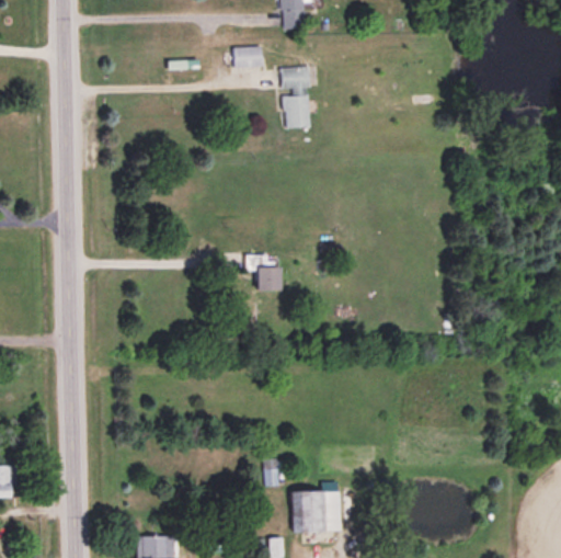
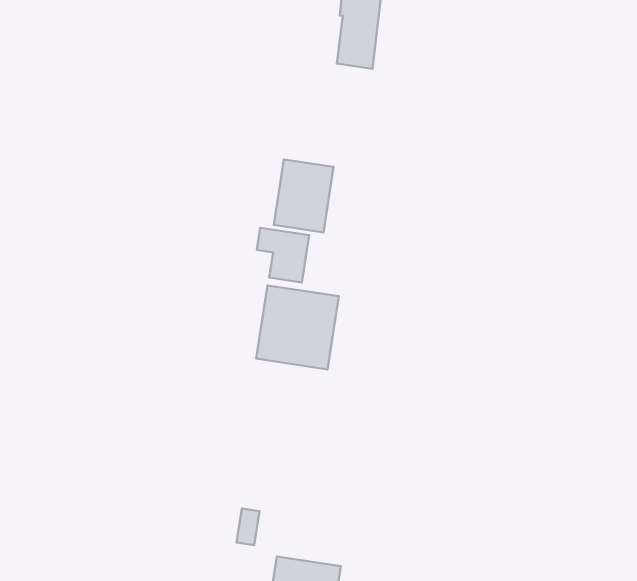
building: none -> [274,159,333,232]
building: none -> [256,285,339,369]

